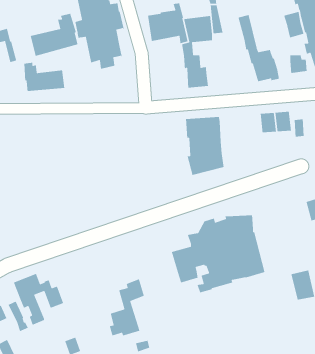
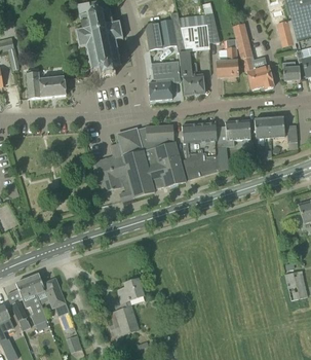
building: [30,13,79,57] -> none
building: none -> [217,46,237,77]
building: none -> [148,62,181,100]
building: none -> [216,119,250,146]
building: [171,214,266,293] -> [93,124,185,201]

